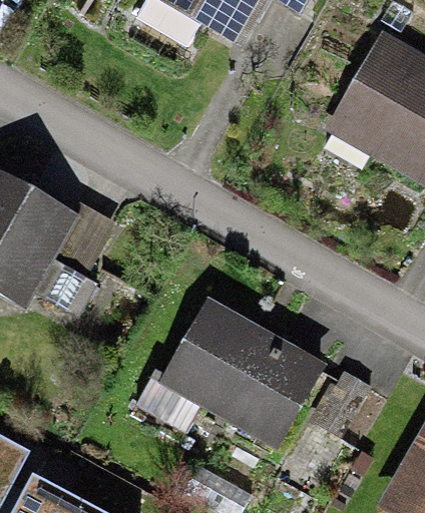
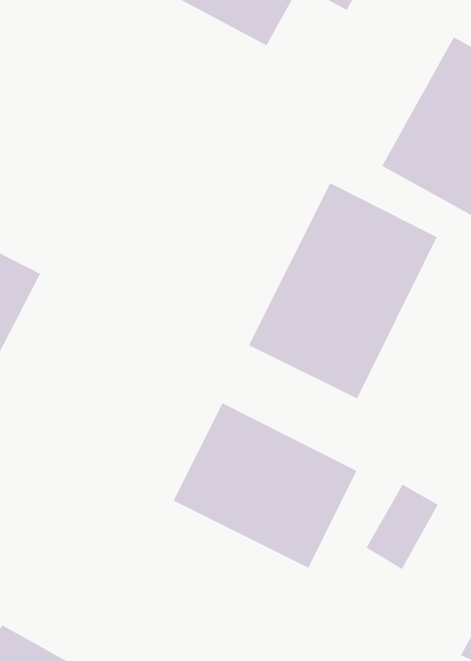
building: none -> [248,182,438,399]

